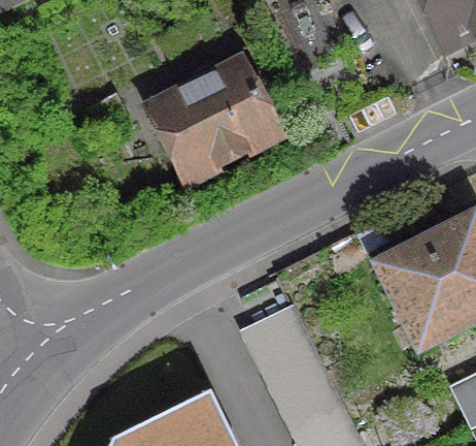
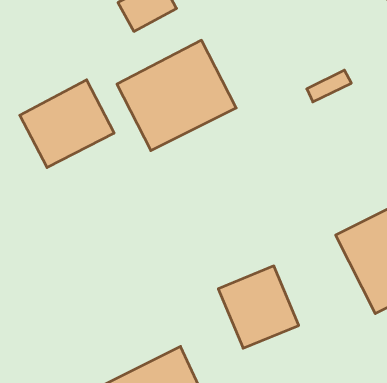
building: none -> [20,80,114,168]

